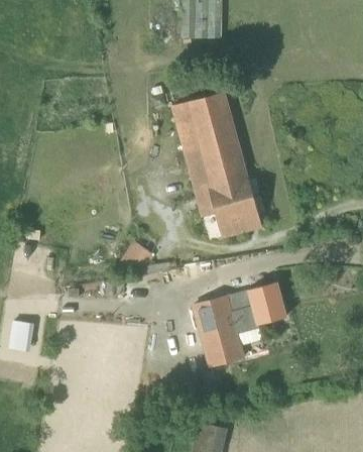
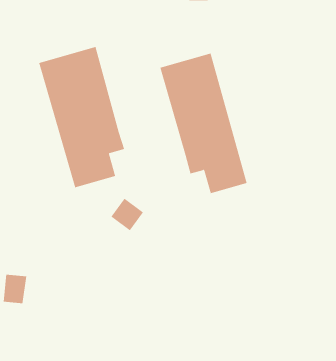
building: none -> [38,46,125,188]
building: [195,281,286,366] -> none

